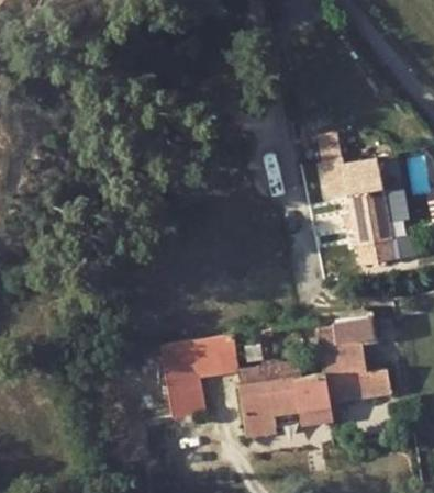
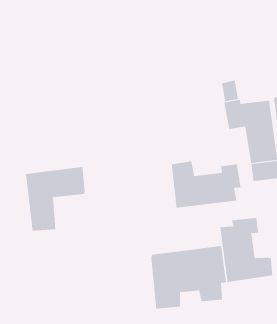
building: none -> [171,160,241,209]
building: [155,335,234,419] -> [25,166,86,231]

